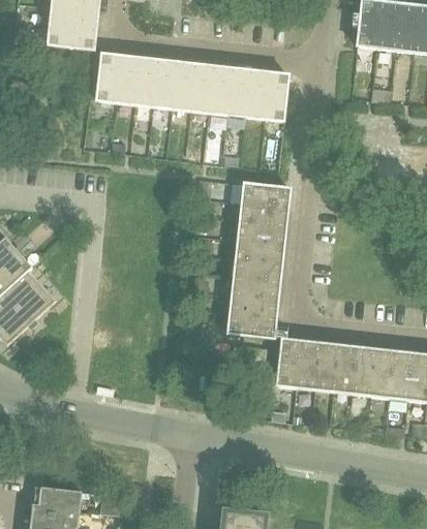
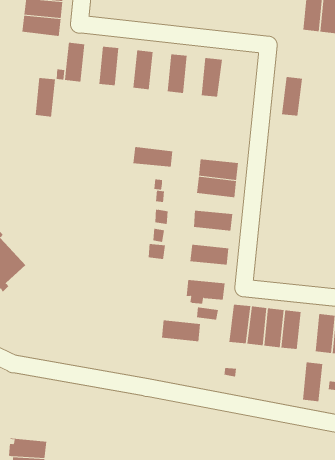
building: [116,58,139,101] -> [35,77,56,117]
building: [153,62,176,105] -> none
building: [190,66,213,110] -> none
building: [227,70,250,114] -> none
building: [265,74,288,118] -> [281,76,303,116]
building: [239,220,283,243] -> [132,146,173,167]
building: [236,257,279,280] -> none
building: [232,294,275,318] -> [161,320,201,342]
building: [352,349,374,393] -> [302,362,323,402]

